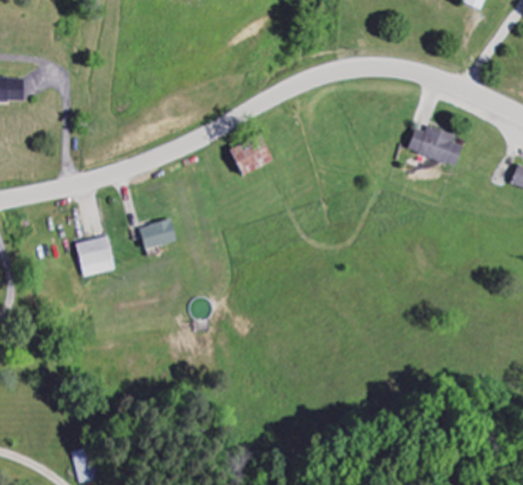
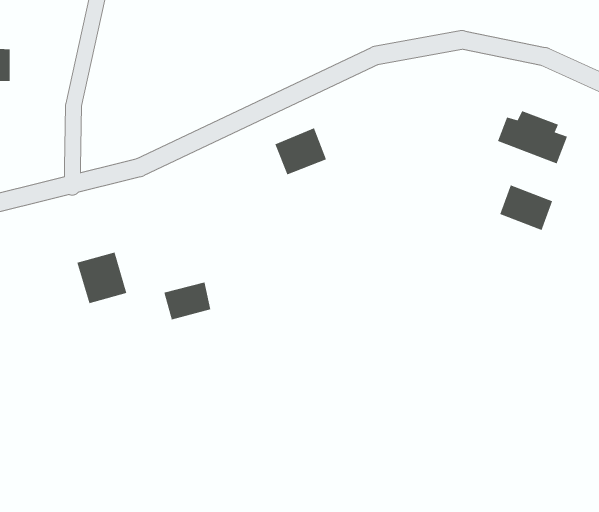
building: none -> [500,184,553,231]
building: [137,218,175,249] -> [164,282,211,320]

